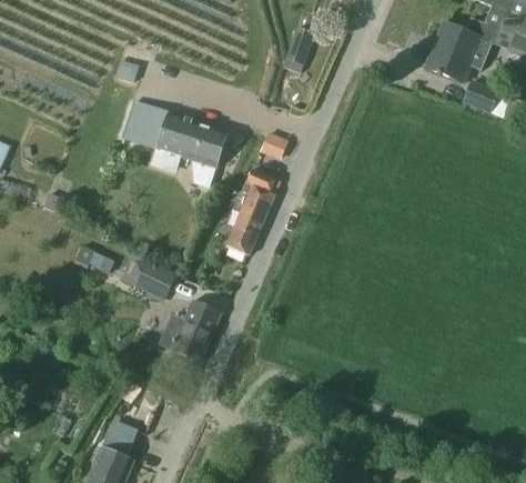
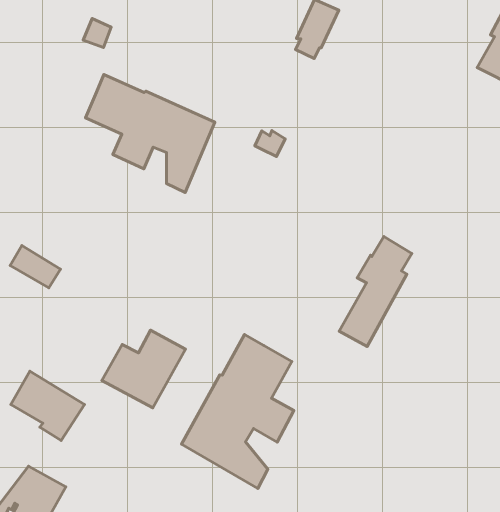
building: [225,167,276,254] -> [339,237,412,346]
building: [120,251,178,303] -> [11,371,84,440]
building: none -> [182,334,294,488]

